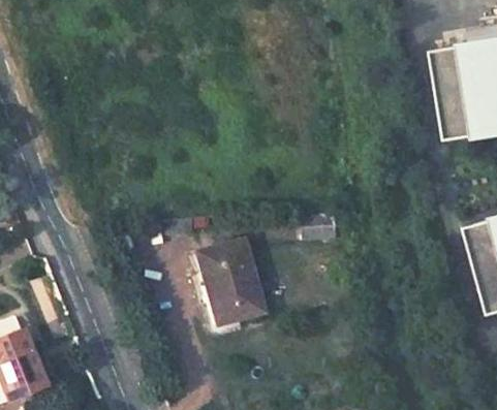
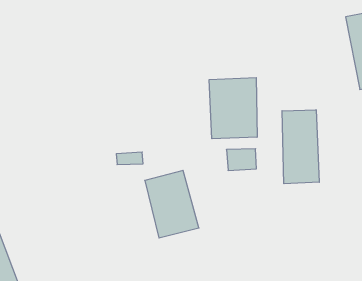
building: none -> [209,78,257,139]
building: none -> [282,110,319,184]

